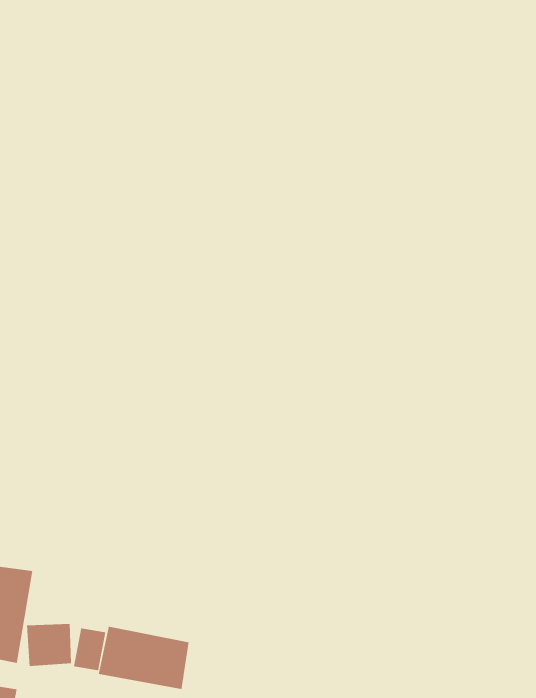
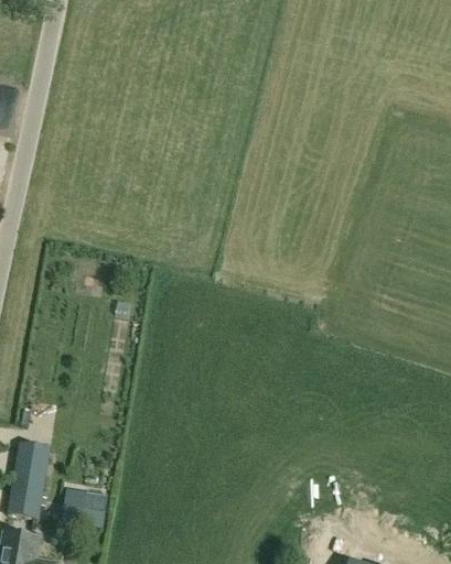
building: [98,626,189,690] -> none

